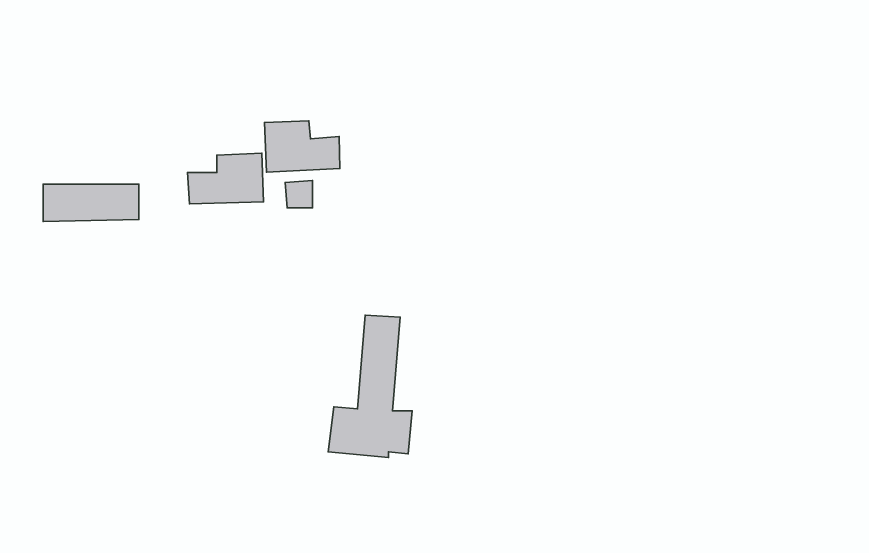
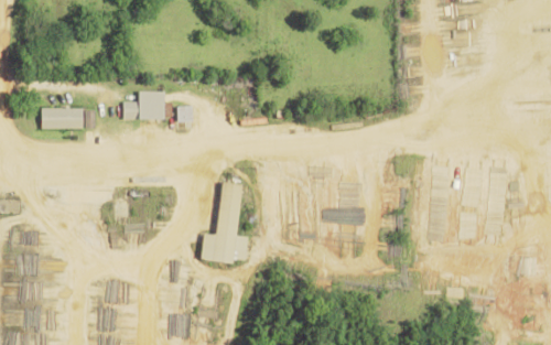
building: [264,121,340,172] -> none

